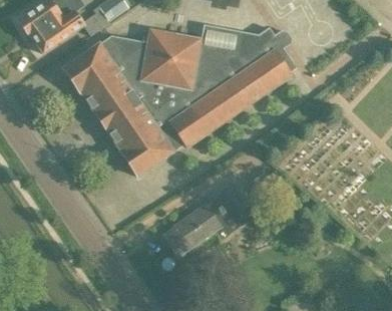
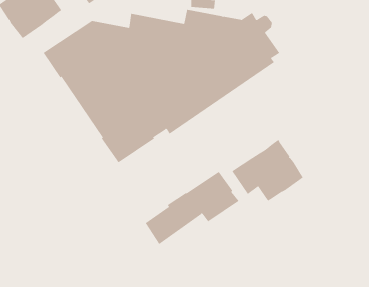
building: none -> [232,139,304,202]

